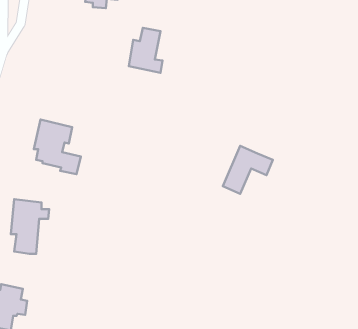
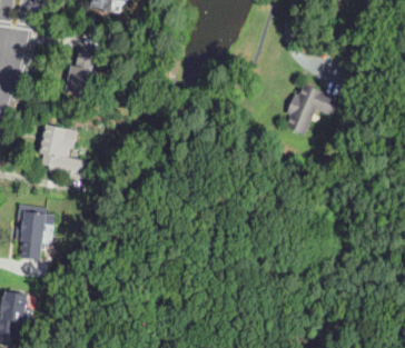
building: [129,28,163,73] -> [66,50,100,96]
building: [223,146,273,194] -> [279,86,330,135]

